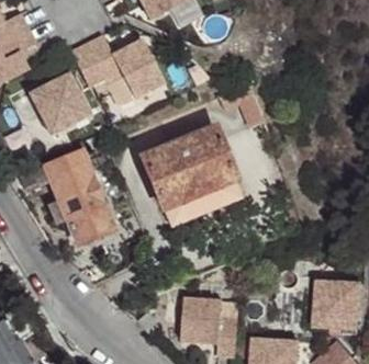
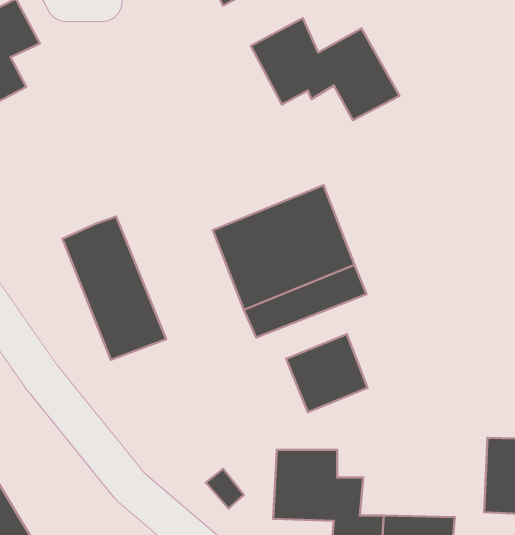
building: [70,30,165,94] -> [251,18,399,120]
building: [27,71,88,132] -> none
building: none -> [286,334,367,412]

